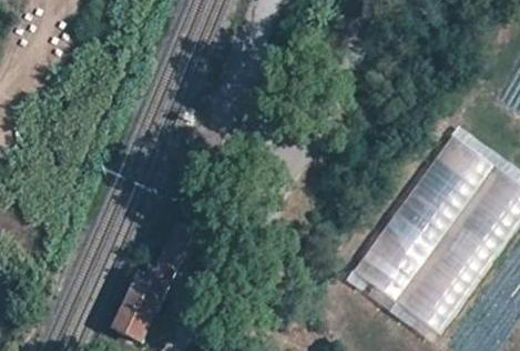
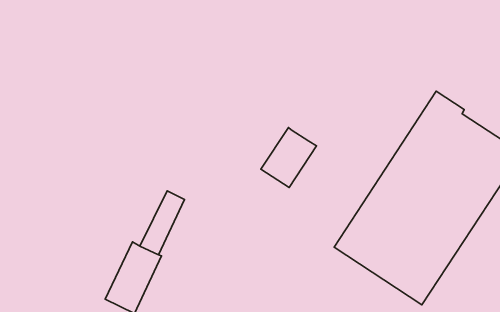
building: none -> [261,127,317,188]

